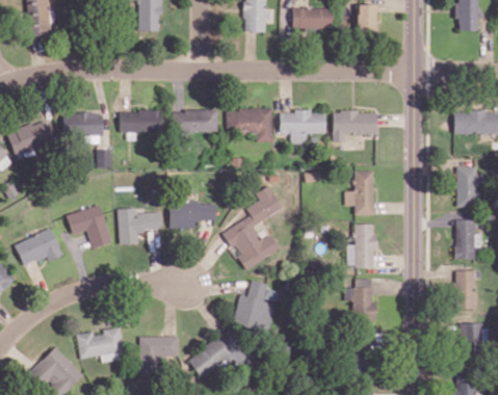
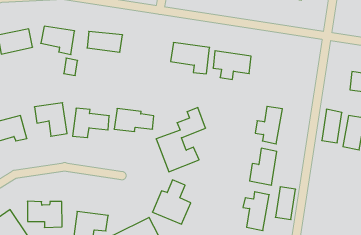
building: [174,109,218,132] -> none
building: [333,111,376,142] -> none
building: [455,219,475,259] -> [322,109,342,143]
building: [455,270,475,309] -> [275,187,296,220]

